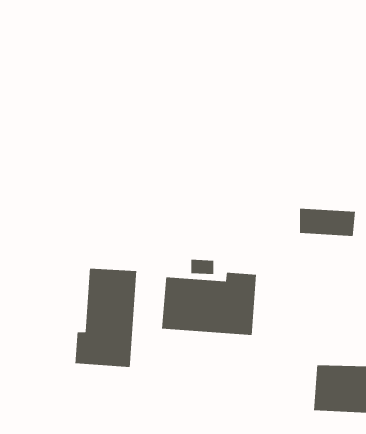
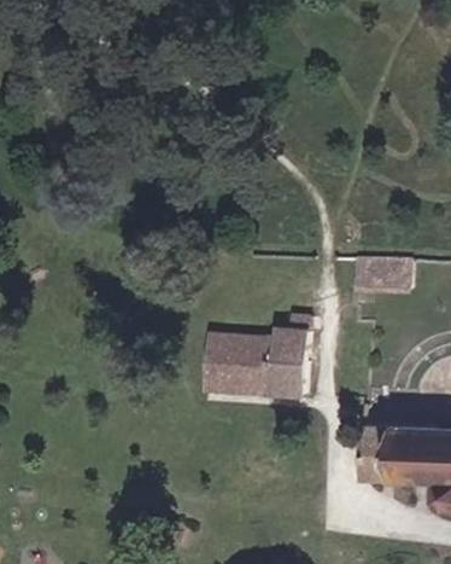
building: [75,268,137,368] -> none

